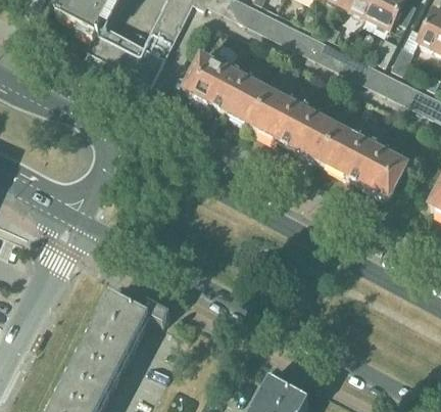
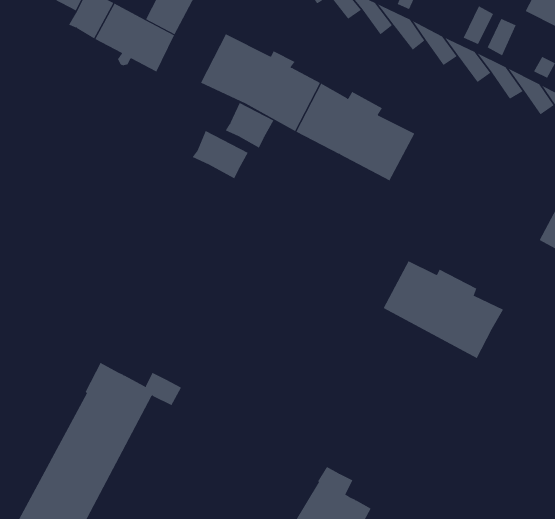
building: none -> [224,102,274,148]
building: none -> [191,130,249,179]
building: [318,127,406,198] -> [383,260,504,359]

